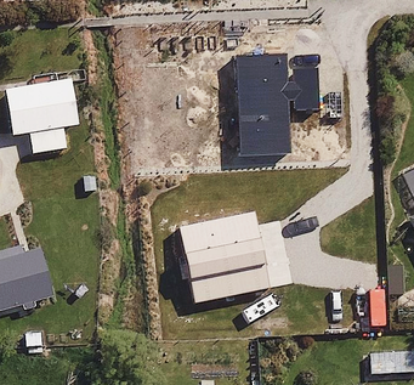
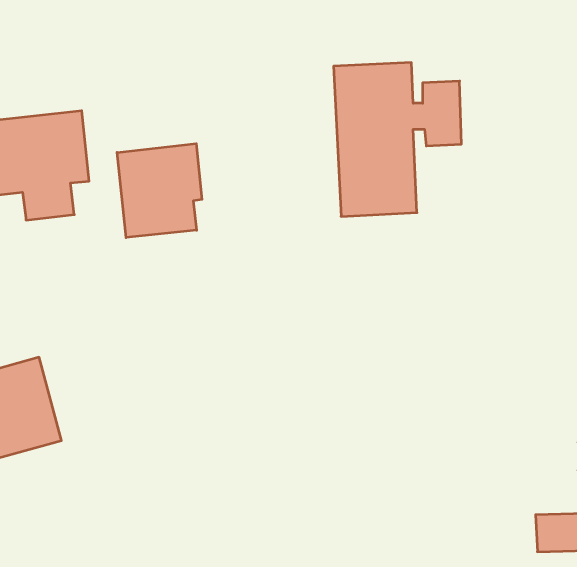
building: none -> [117,144,202,238]
building: [177,210,273,299] -> none

